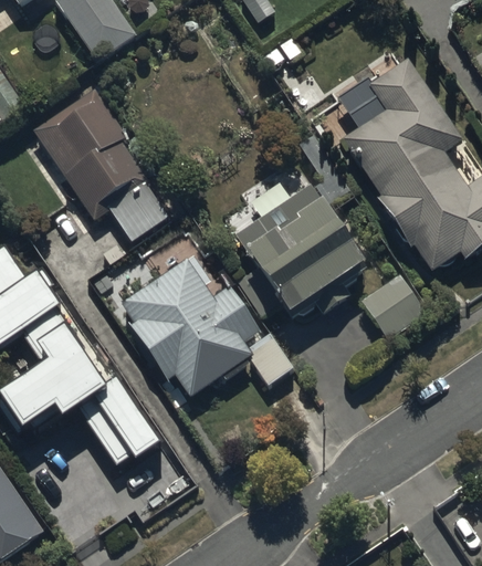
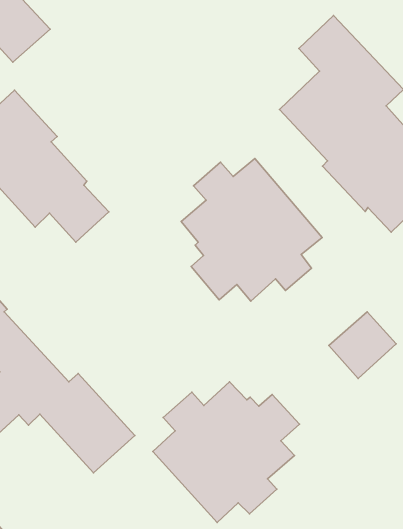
building: [117,255,294,395] -> none
building: [360,273,425,335] -> [329,312,396,378]
building: none -> [153,382,299,523]

